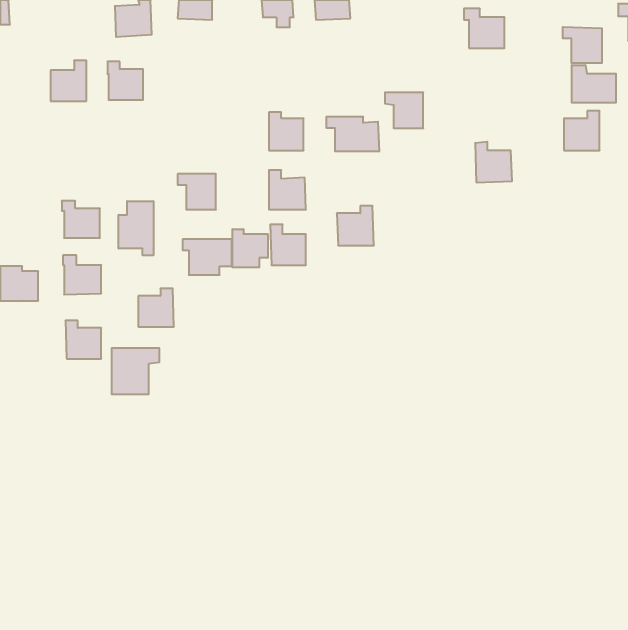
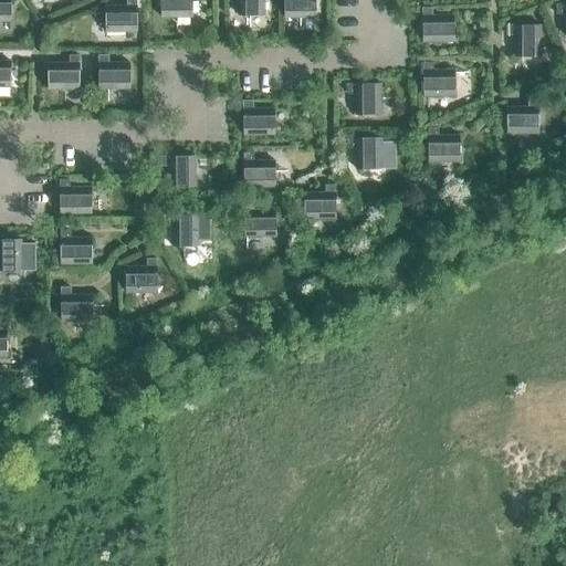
building: [572,65,616,103] -> none
building: none -> [423,62,455,97]
building: [326,117,379,151] -> [349,137,397,168]
building: [119,201,153,255] -> none
building: [232,229,268,267] -> none
building: [112,348,159,394] -> none

